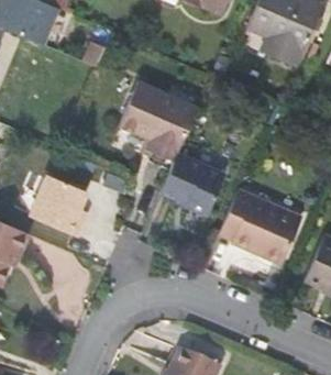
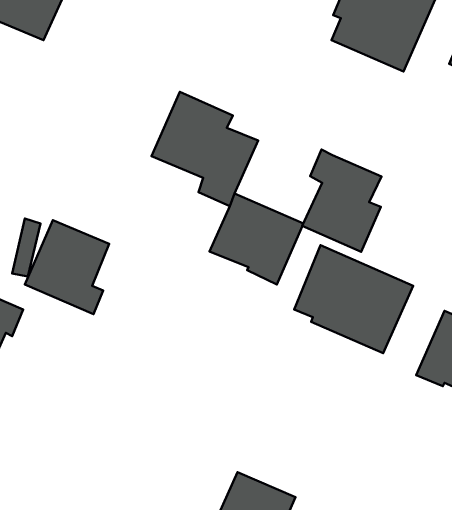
building: none -> [302,150,382,252]

